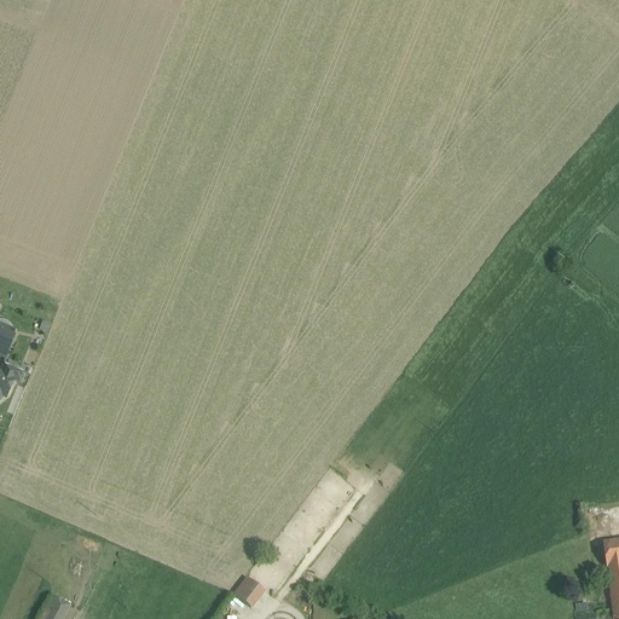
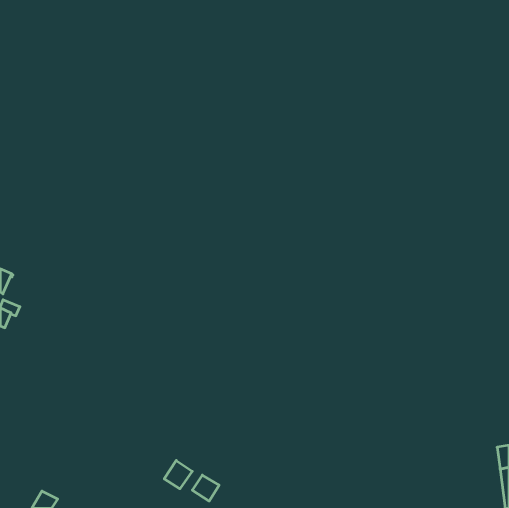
building: none -> [164,460,192,489]

